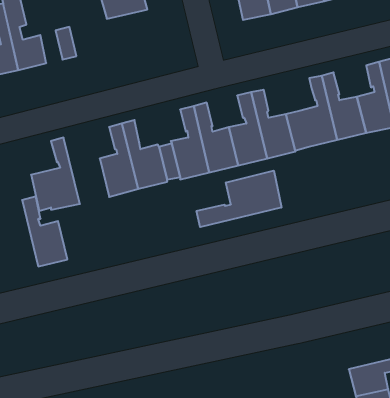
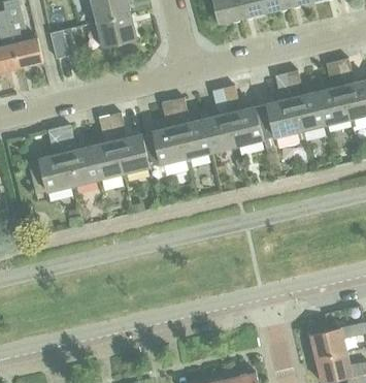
building: none -> [95,15,137,49]
building: [197,171,281,227] -> none
building: [22,197,67,266] -> [57,126,97,188]

